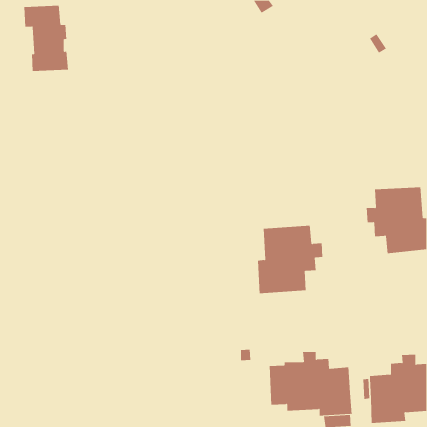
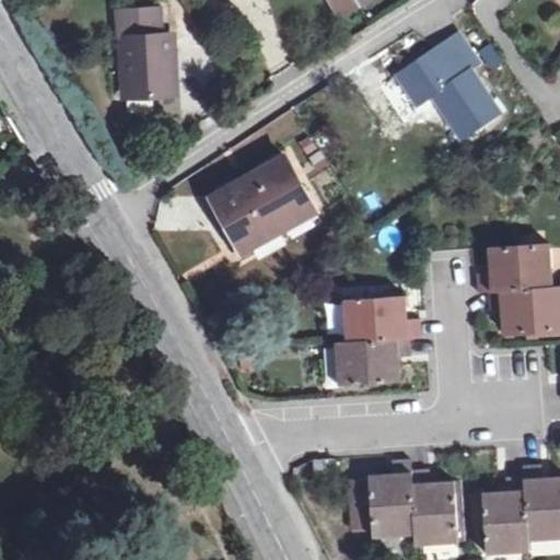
building: [24,5,69,71] -> [116,10,175,96]
building: none -> [398,34,499,138]
building: none -> [212,159,313,250]

